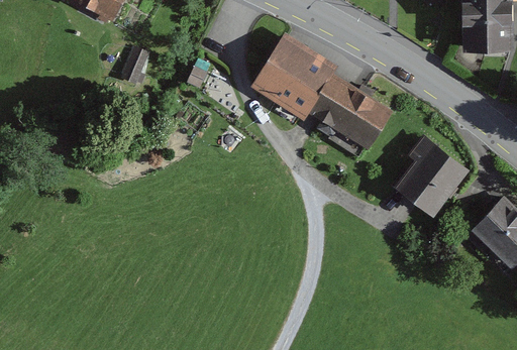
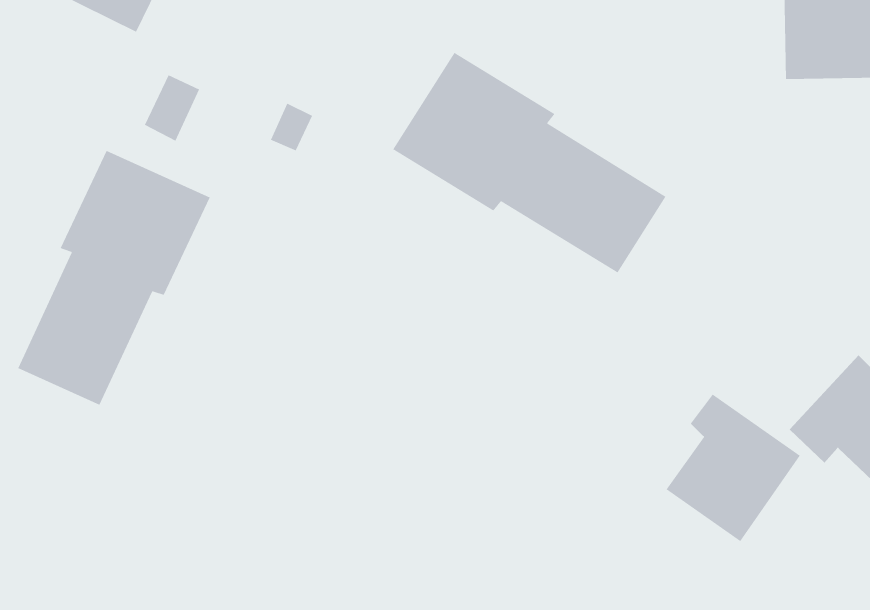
building: none -> [17,150,211,406]
building: [396,135,469,215] -> [665,394,801,542]

